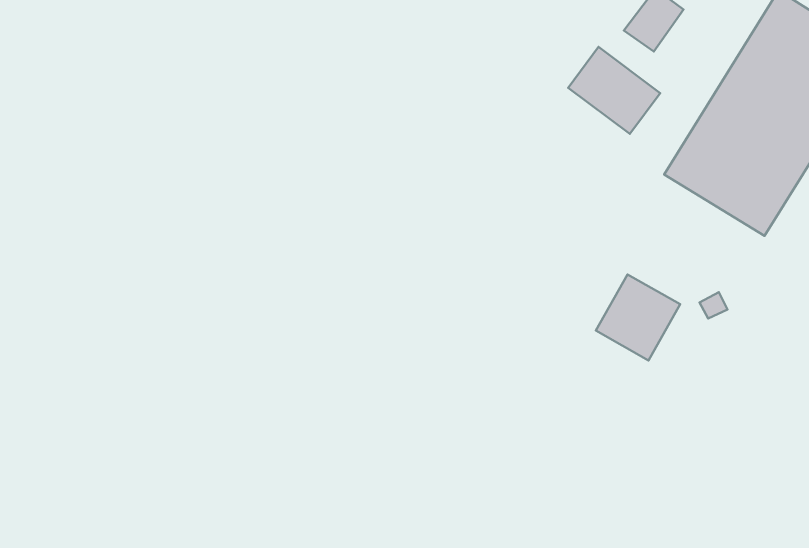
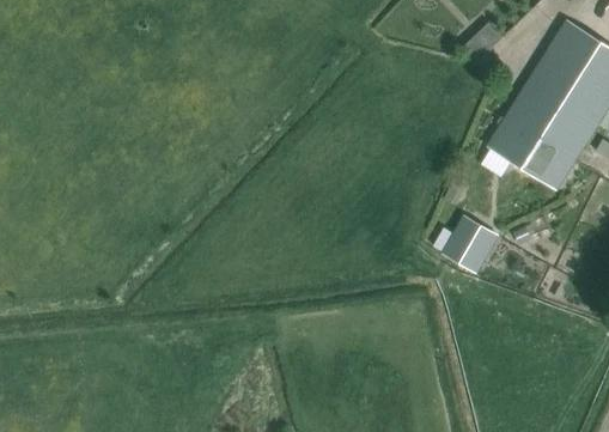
building: [568,47,660,134] -> none

